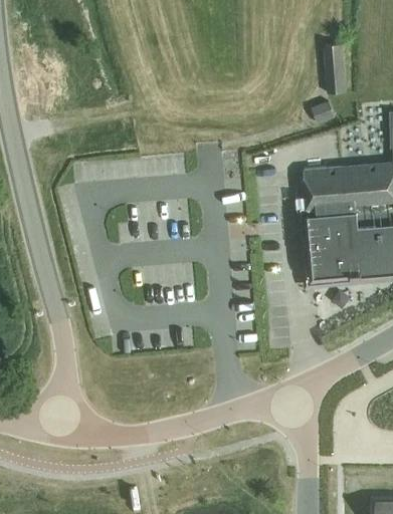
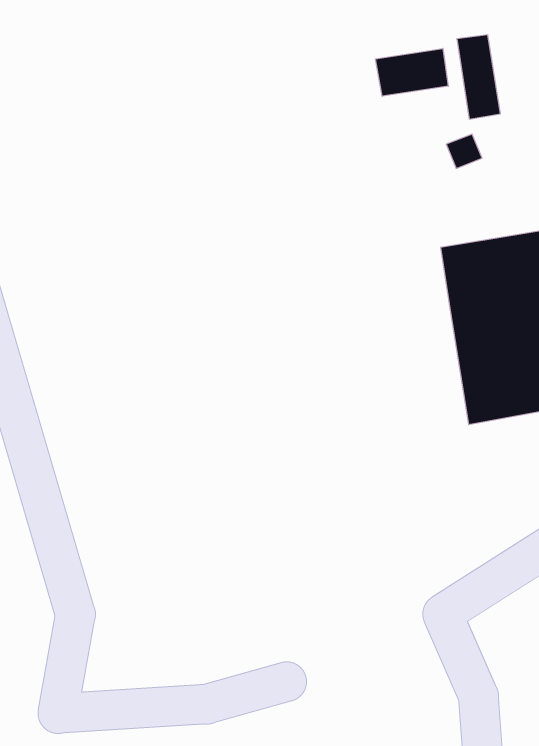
building: none -> [376,48,448,96]

